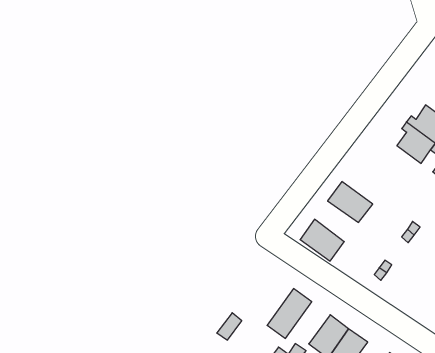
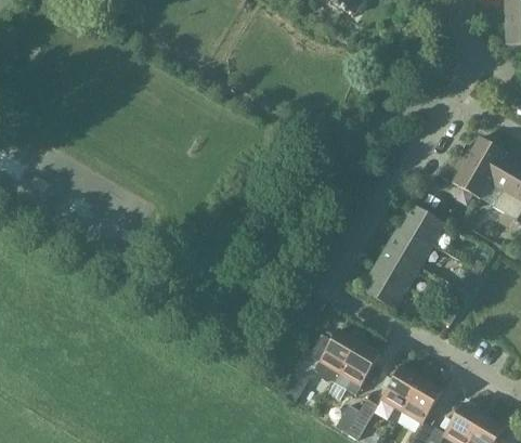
building: none -> [399,203,445,245]
building: none -> [374,246,420,287]
building: none -> [314,328,359,382]

